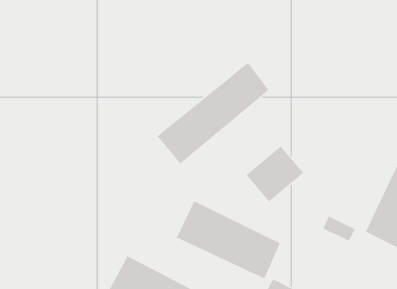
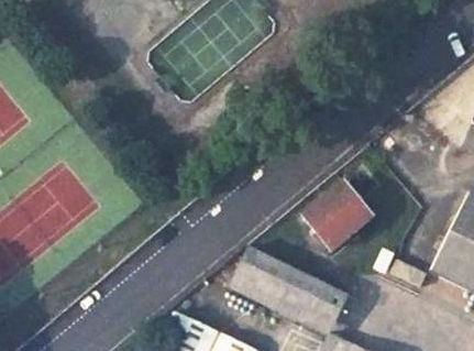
building: [157,62,269,165] -> none

